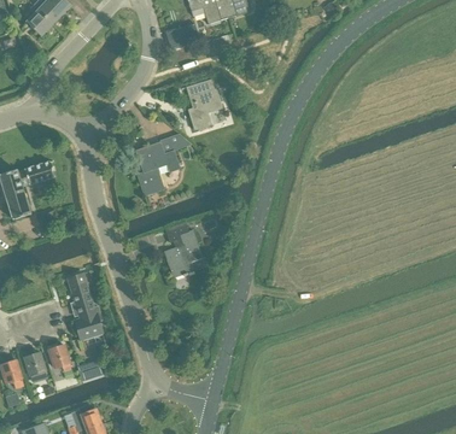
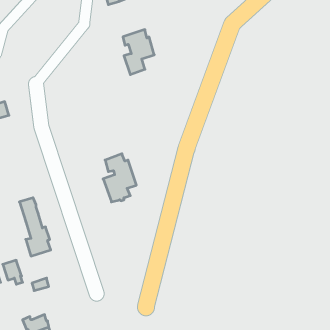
building: [135,134,191,195] -> none

